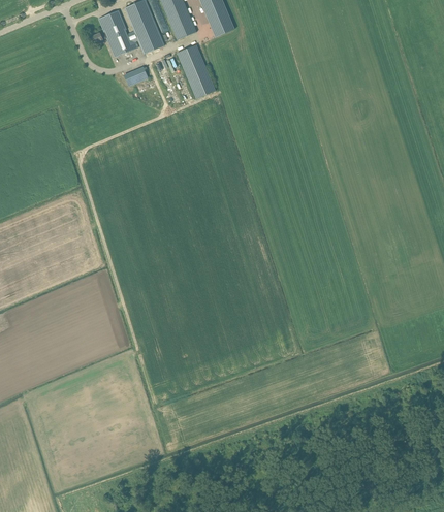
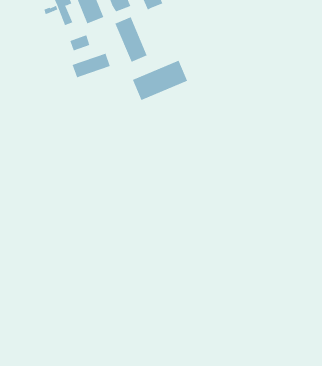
building: none -> [72,53,110,78]
building: none -> [132,60,188,101]

